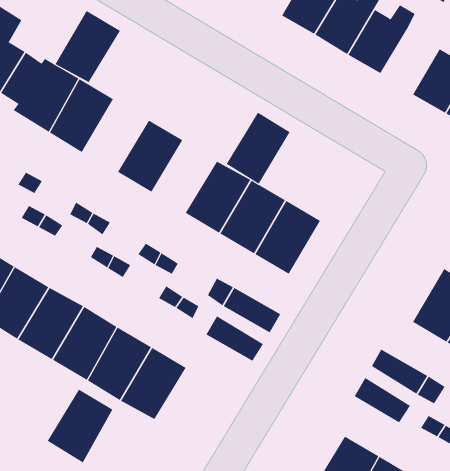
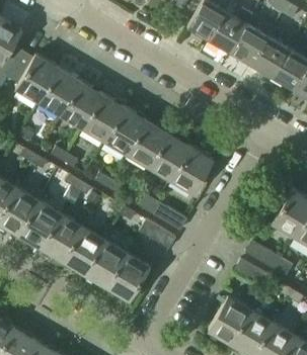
building: [54,10,121,83] -> [60,81,102,127]
building: none -> [251,36,289,78]
building: [226,112,291,184] -> [104,107,146,154]
building: [47,389,113,463] -> [106,253,149,300]

